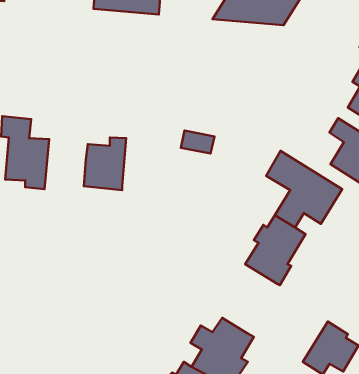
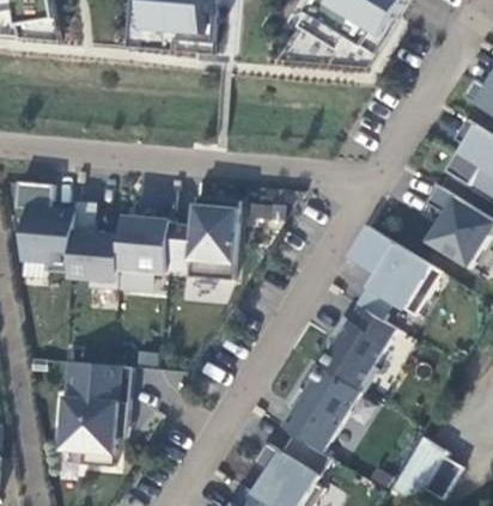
building: none -> [166,197,238,279]
building: none -> [69,201,121,288]
building: none -> [57,360,132,465]
building: none -> [281,365,360,451]

